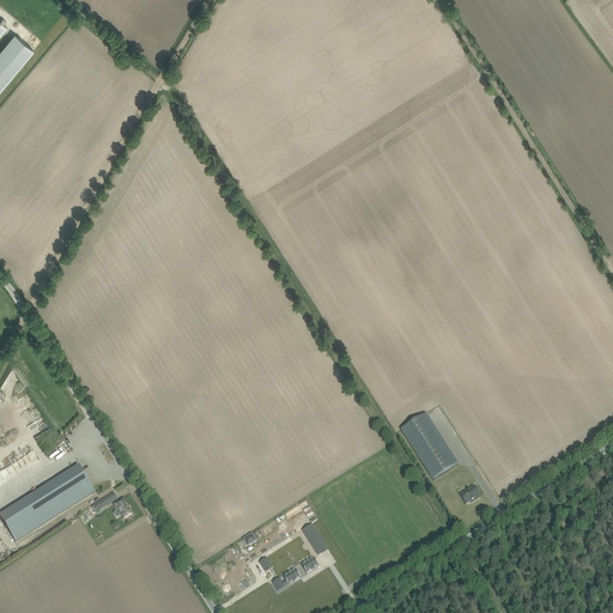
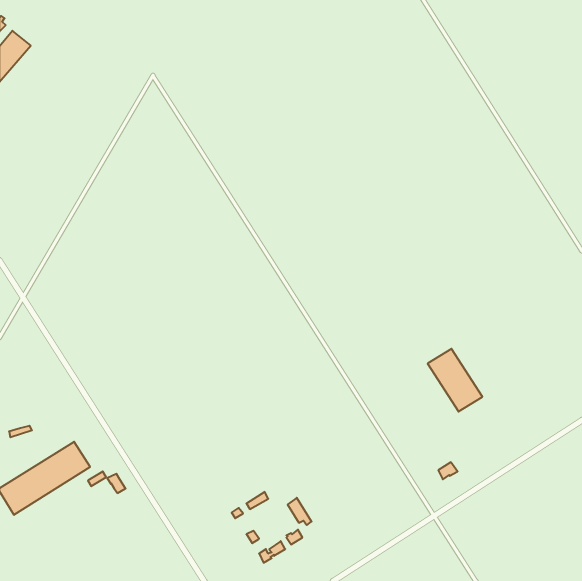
building: [400,412,457,478] -> [428,349,482,412]

